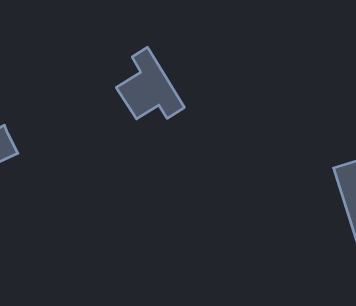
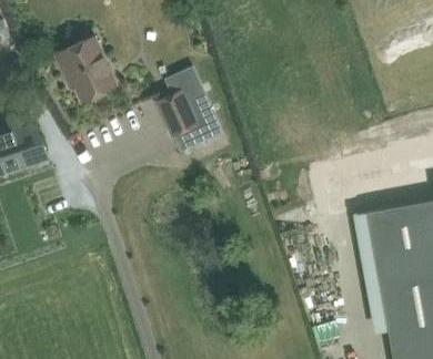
building: none -> [57,40,117,103]

